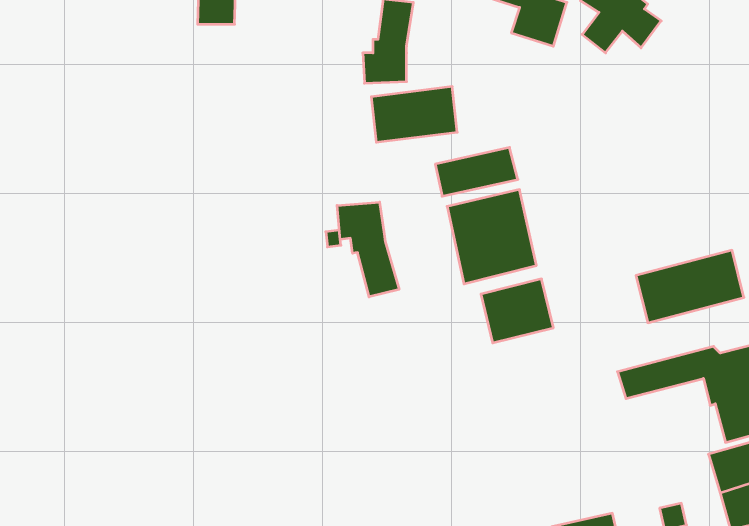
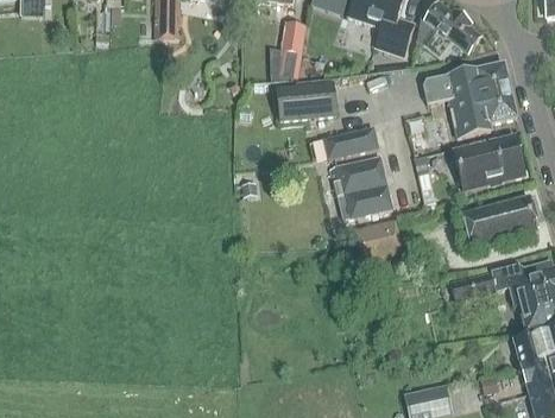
building: none -> [424,62,516,137]
building: none -> [453,134,524,190]
building: [337,202,399,297] -> none

